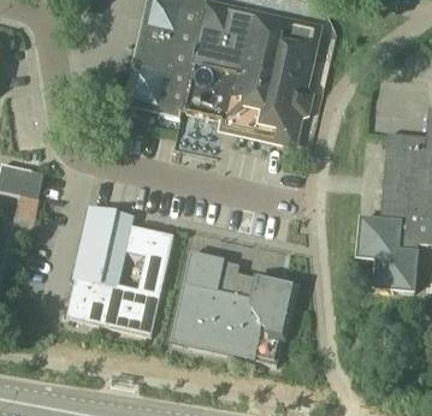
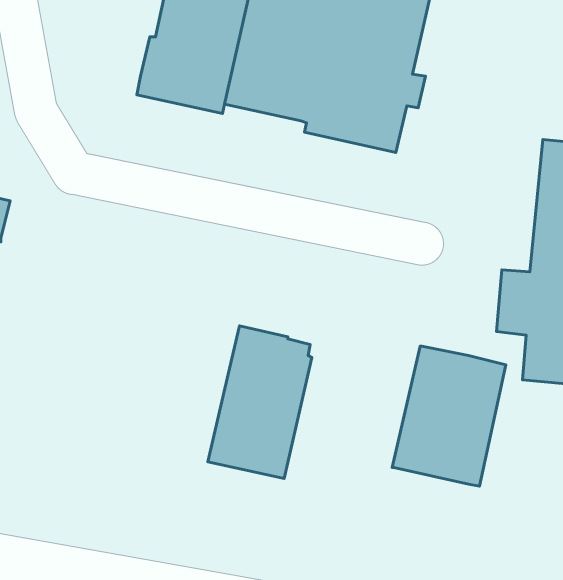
building: [66,208,174,332] -> none
building: [220,272,294,362] -> [392,346,506,486]

